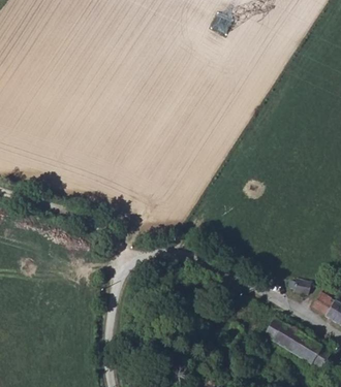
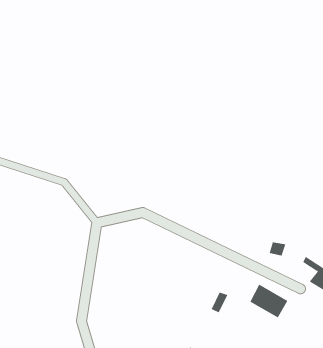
building: [292,334,330,368] -> none

